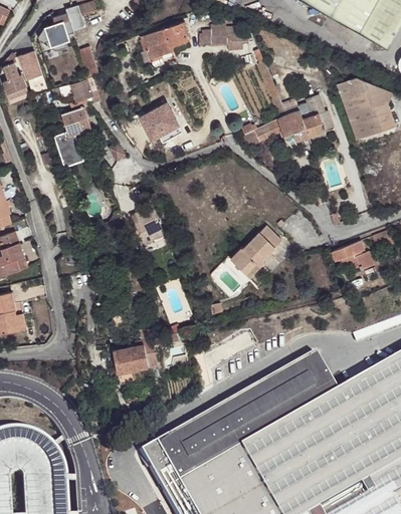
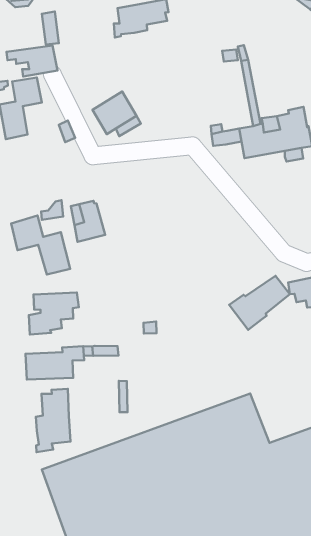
building: [200,21,256,44] -> none
building: [230,227,281,278] -> [229,276,290,330]
building: none -> [11,216,70,274]
building: none -> [29,293,79,334]
building: none -> [36,389,71,452]

